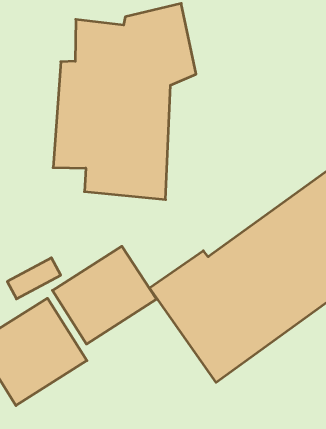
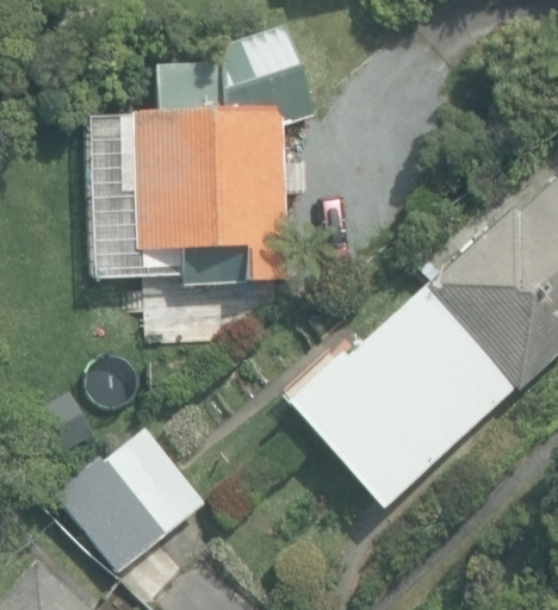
building: [52,246,156,344] -> none

